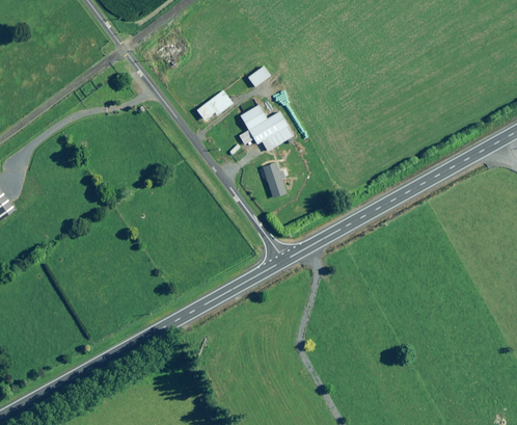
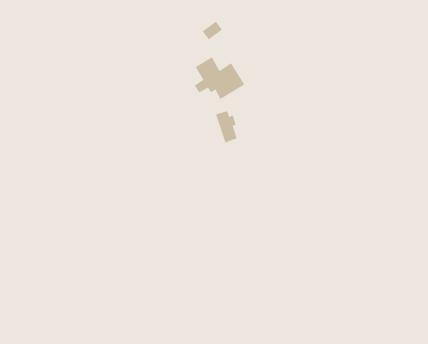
building: [196,89,233,123] -> none

